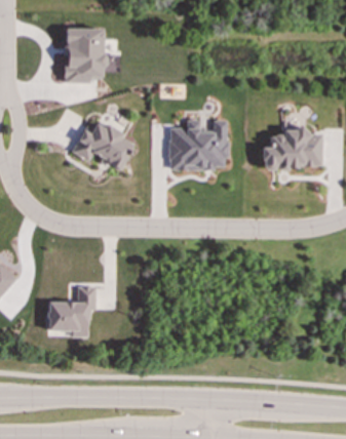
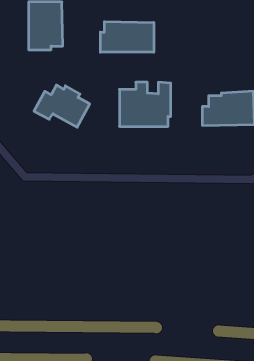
building: none -> [100,22,154,52]
building: [48,286,95,337] -> none

